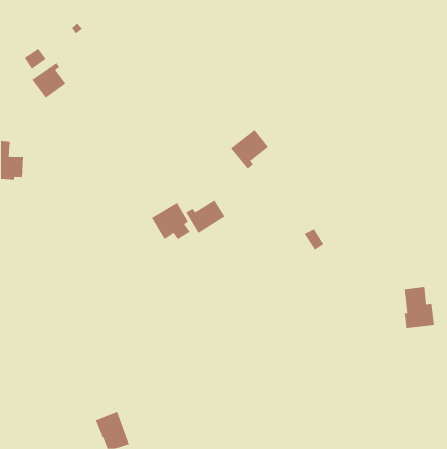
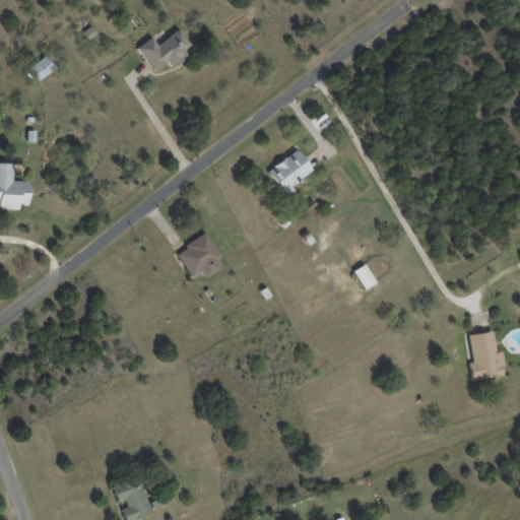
building: none -> [138,28,194,70]
building: [31,62,66,99] -> none
building: [186,199,225,234] -> none

